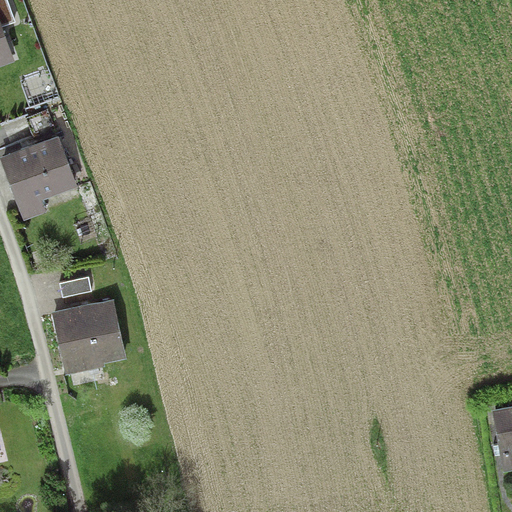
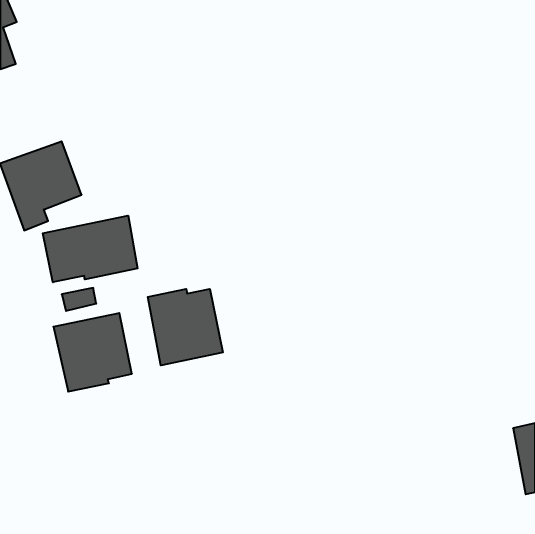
building: none -> [43,216,138,282]
building: none -> [148,289,223,365]

